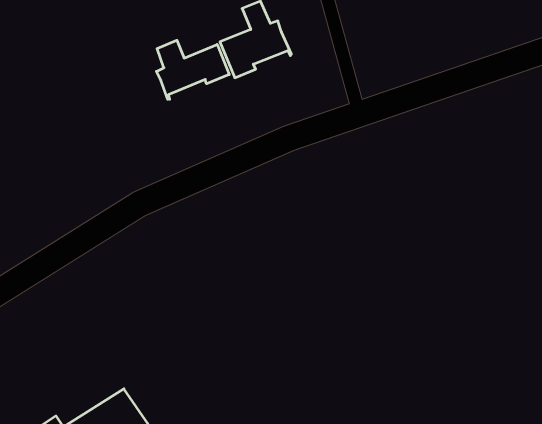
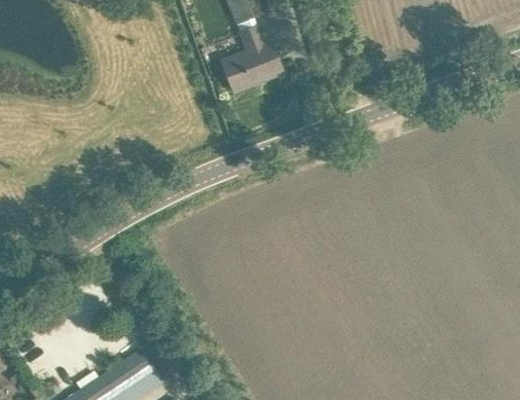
building: [156,40,229,99] -> none

